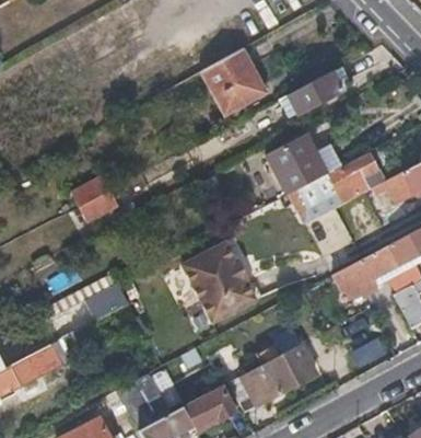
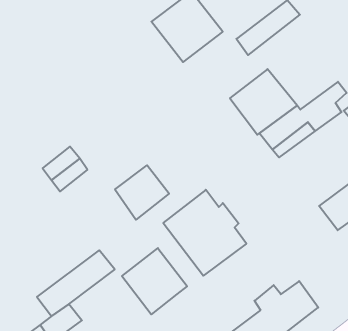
building: none -> [115,165,169,220]
building: none -> [122,248,187,314]

